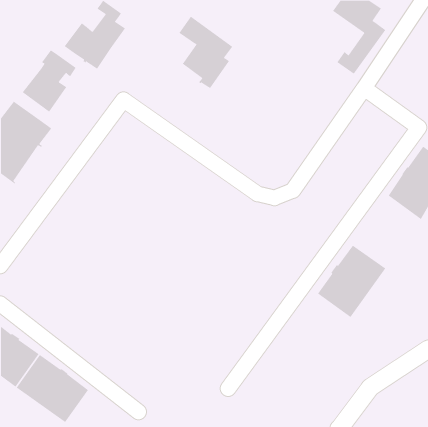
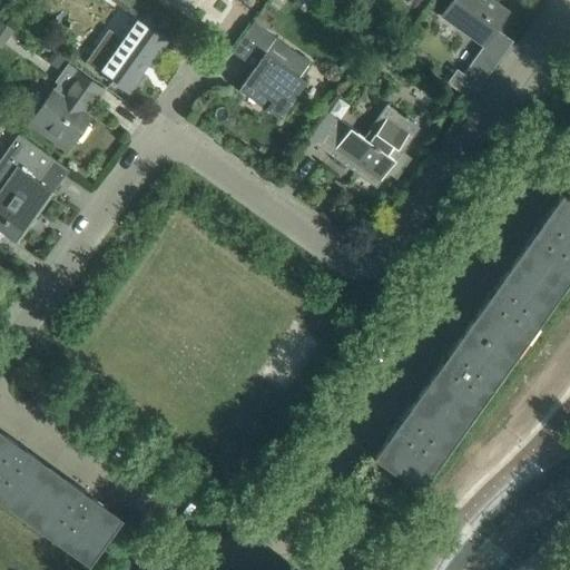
building: none -> [318,106,416,181]
building: none -> [469,262,560,358]
building: none -> [375,392,466,490]

